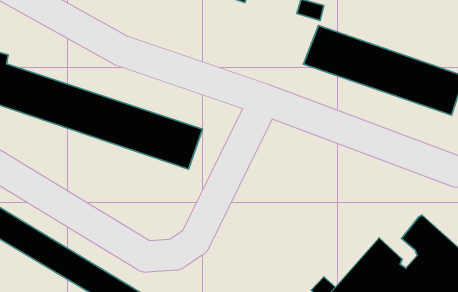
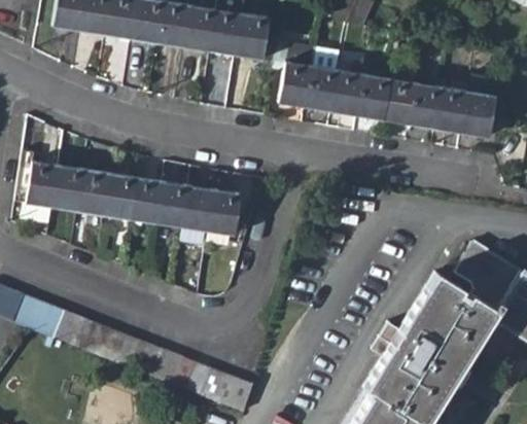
building: none -> [282,61,341,111]

